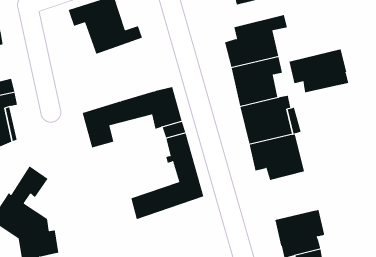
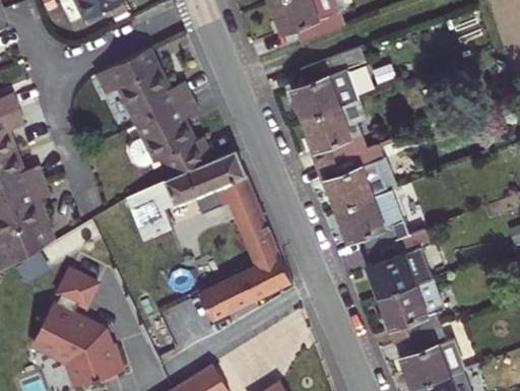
building: none -> [129,97,213,178]
building: [289,49,349,93] -> none
building: none -> [367,231,429,299]

